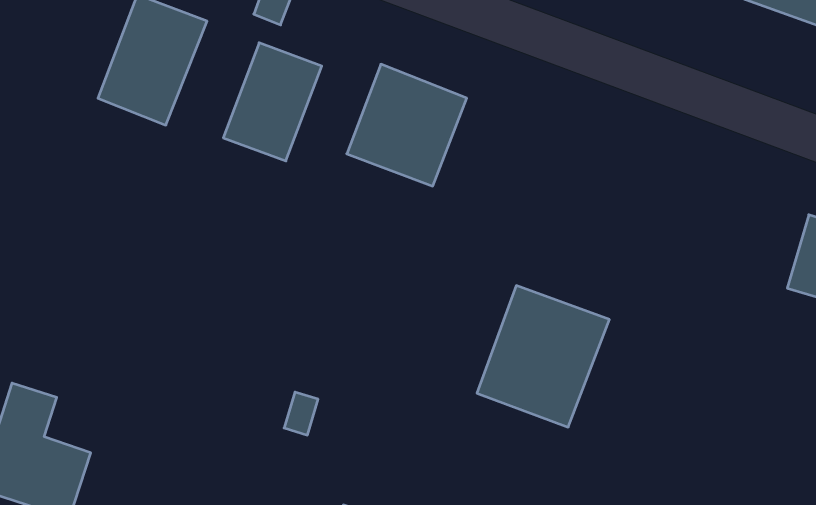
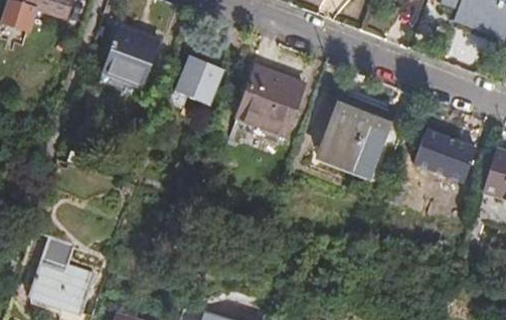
building: none -> [411,129,475,183]
building: [477,286,609,427] -> [317,96,391,175]

